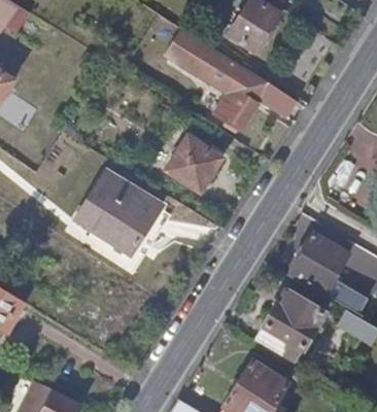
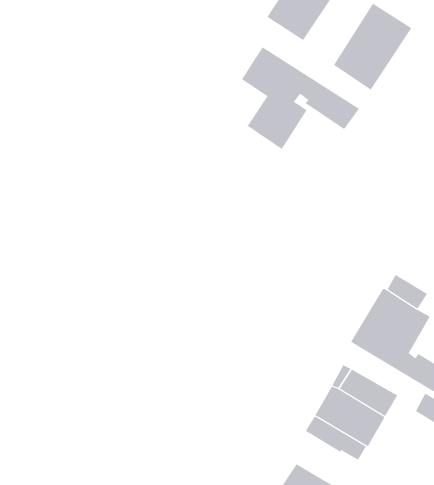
building: [169,31,227,81] -> none
building: [170,140,228,198] -> none
building: [77,170,159,249] -> none

